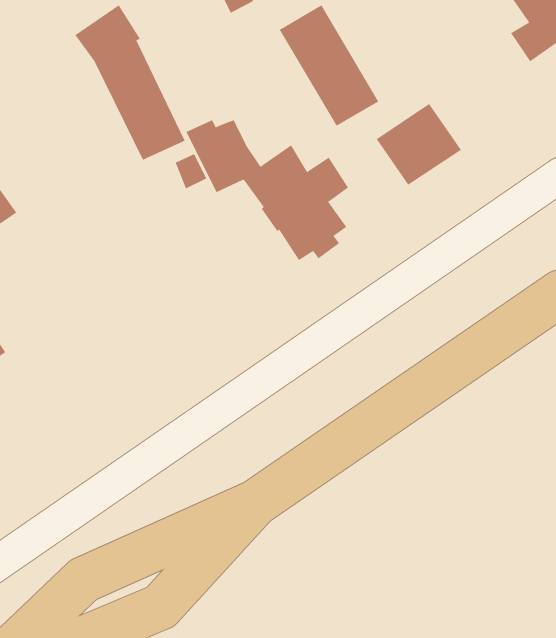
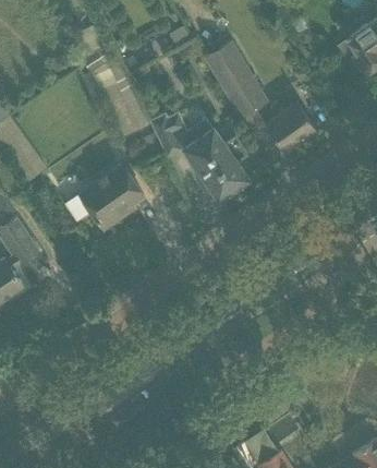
building: none -> [64,165,144,230]

